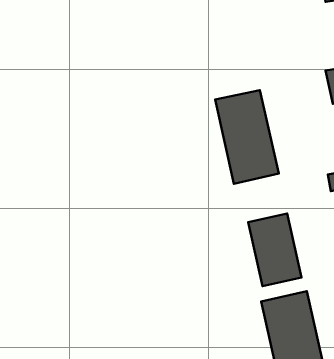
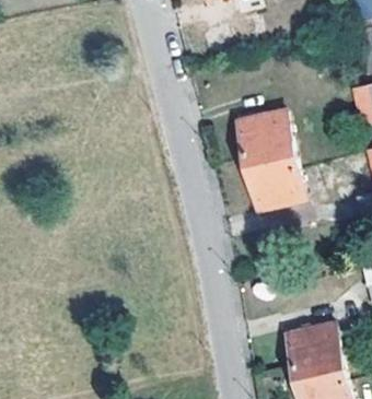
building: [248,213,302,286] -> none

